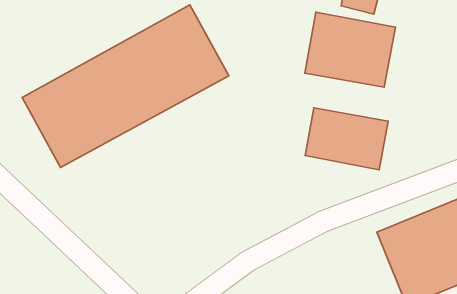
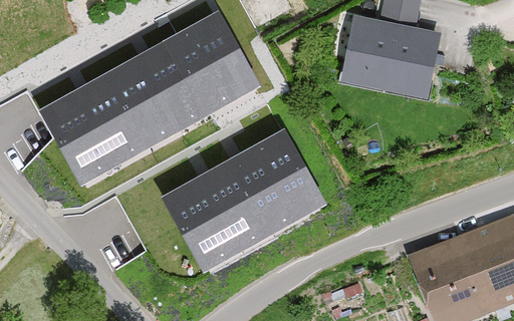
building: [305,108,388,170] -> none
building: none -> [159,127,324,270]

